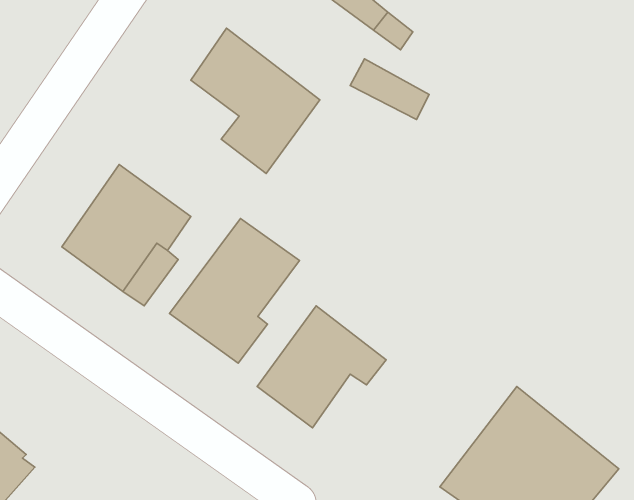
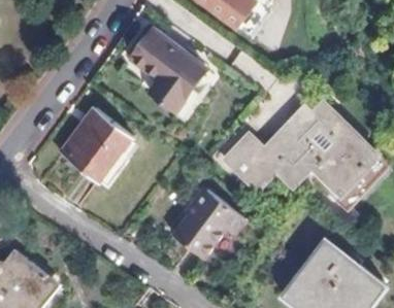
building: none -> [227,109,382,203]
building: [170,219,299,363] -> none

